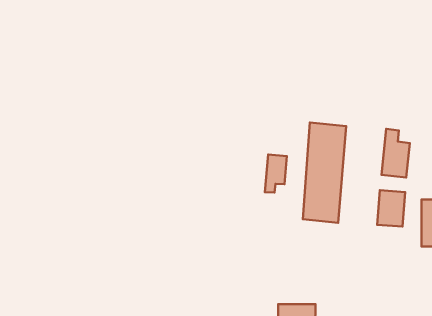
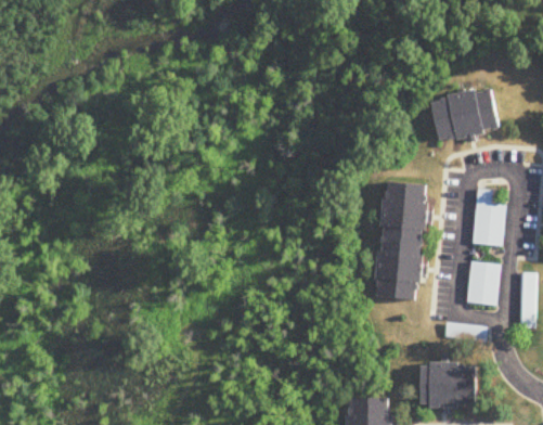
building: none -> [431,89,501,142]
building: [265,155,287,193] -> none
building: none -> [421,363,477,407]

